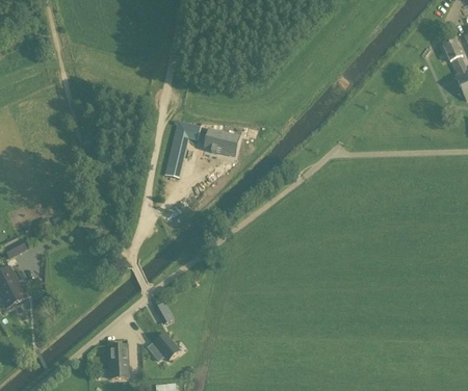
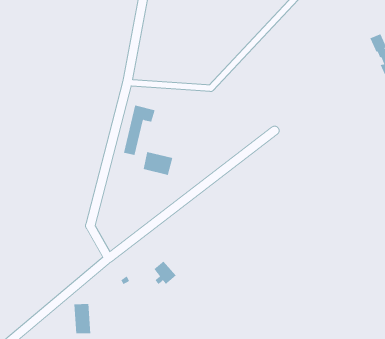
building: [206,128,240,155] -> [143,151,173,176]
building: [153,333,179,360] -> [154,261,177,285]

